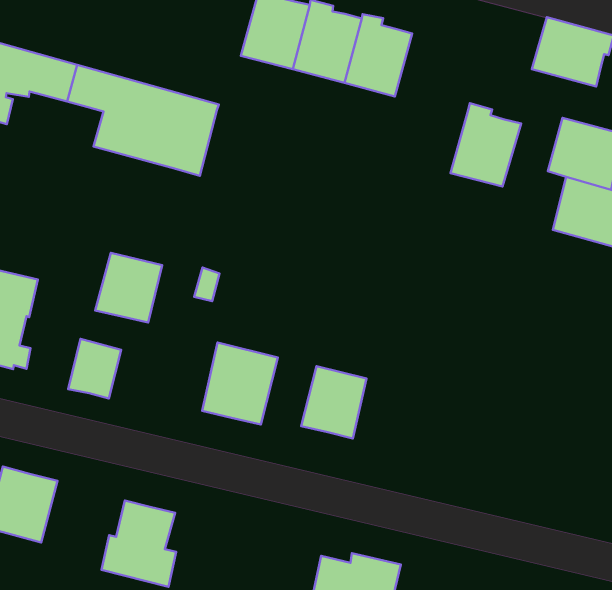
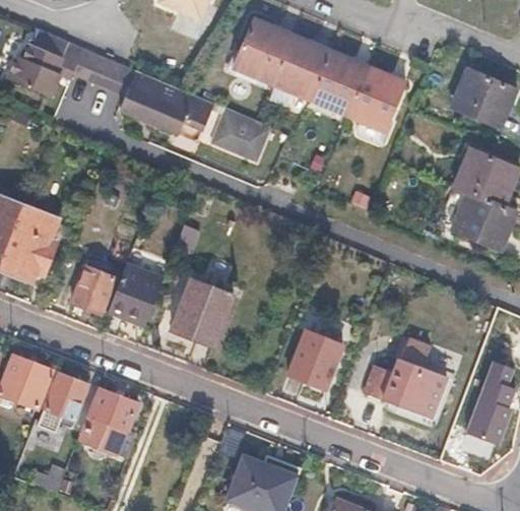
building: [451,103,521,187] -> [345,63,403,129]
building: none -> [210,103,271,159]
building: [95,253,162,322] -> [106,269,160,325]
building: [301,366,367,438] -> [286,330,340,388]
building: none -> [364,336,453,411]
building: none -> [39,374,88,432]

